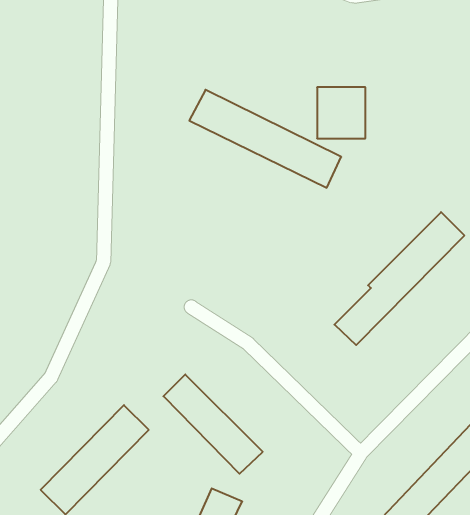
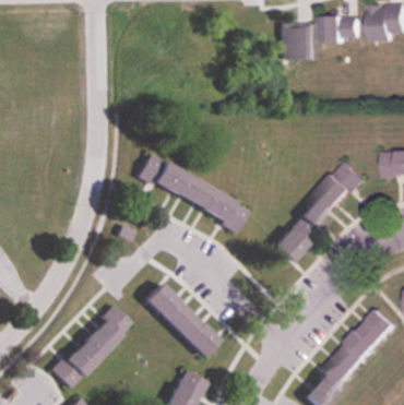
building: none -> [321,16,360,41]
building: [317,87,365,138] -> [278,22,314,60]
building: [189,90,341,188] -> [133,156,247,229]

